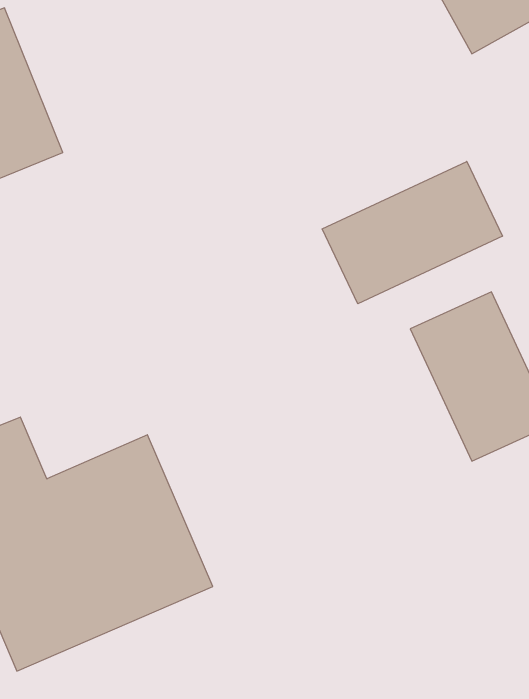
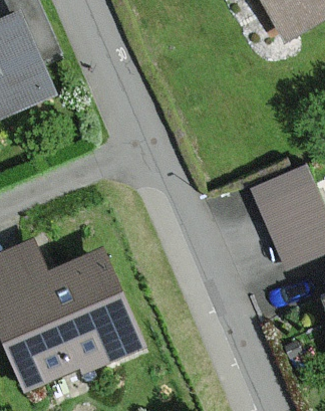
building: [322,161,502,304] -> none

